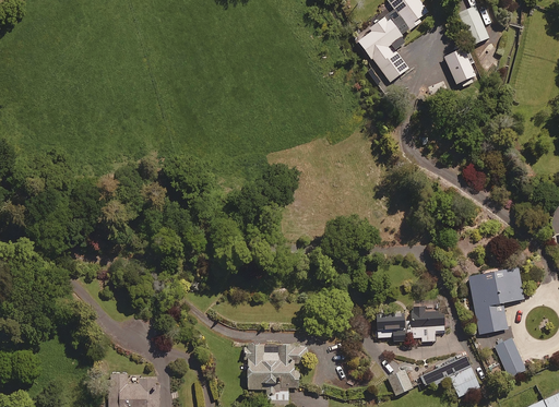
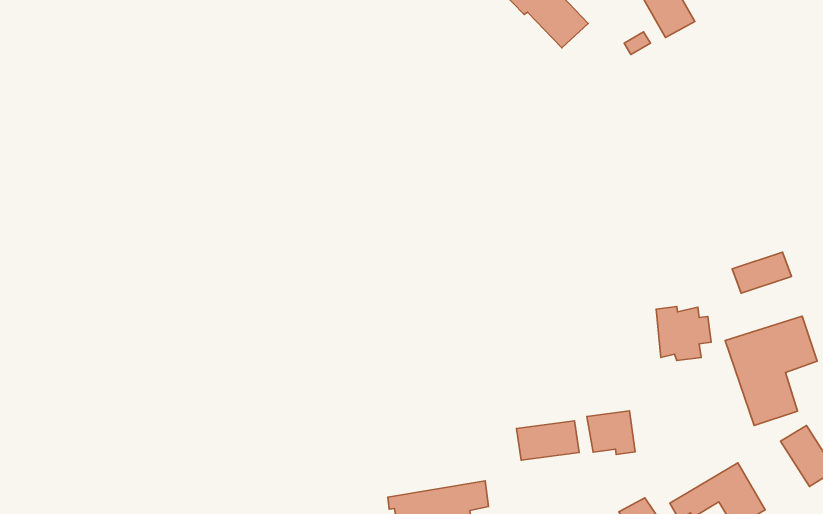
building: none -> [732,252,791,293]
building: [411,306,443,339] -> [656,307,711,361]
building: none -> [517,421,579,460]

